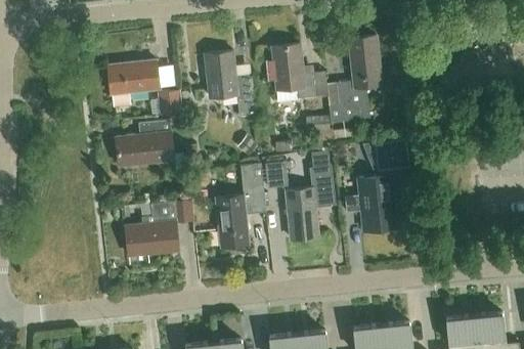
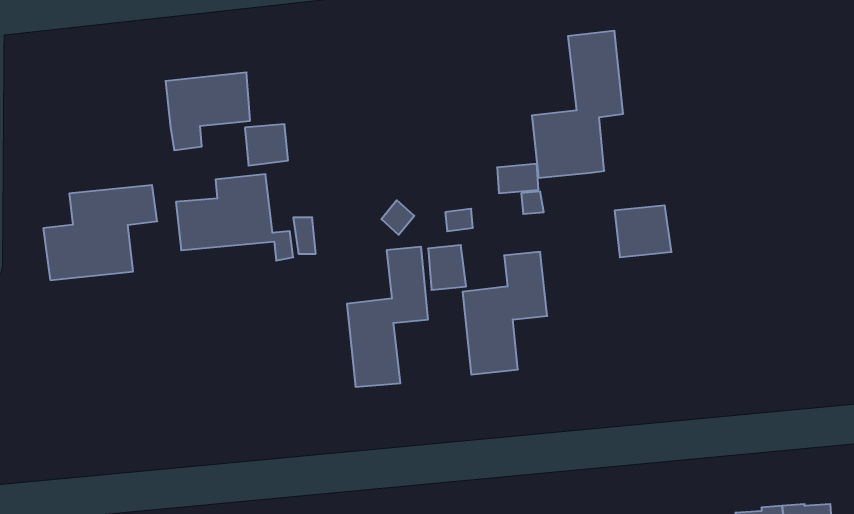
building: [267,43,328,99] -> none
building: [206,50,256,117] -> none
building: [345,174,397,230] -> none
building: [126,199,193,255] -> [43,185,157,280]

